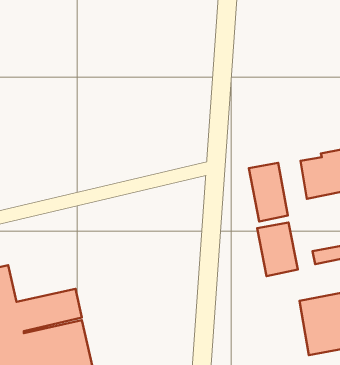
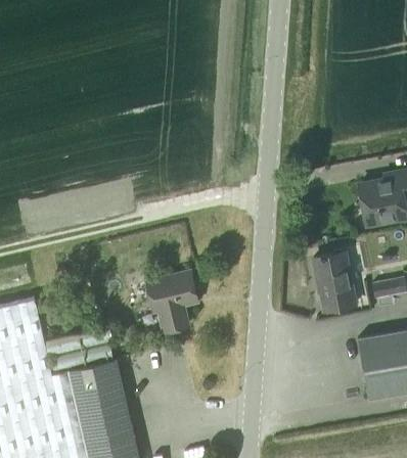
building: [249,163,288,222] -> none
building: none -> [124,272,198,333]

